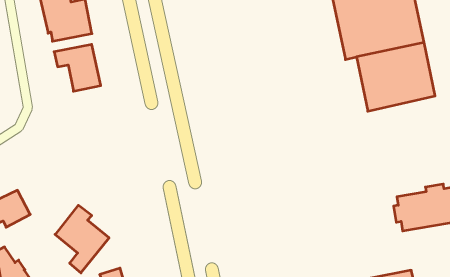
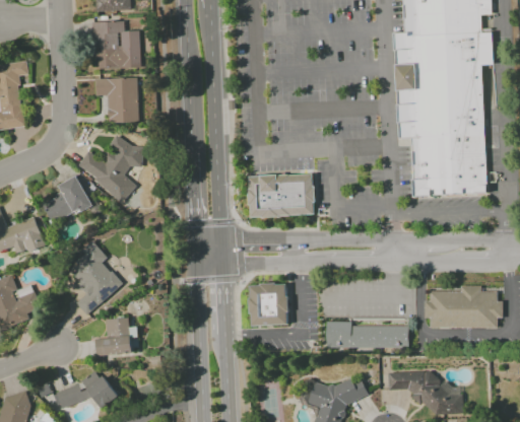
building: none -> [75,135,145,199]
building: none -> [249,174,314,217]
building: none -> [42,175,90,222]
building: none -> [249,283,288,326]
building: none -> [325,321,408,347]

